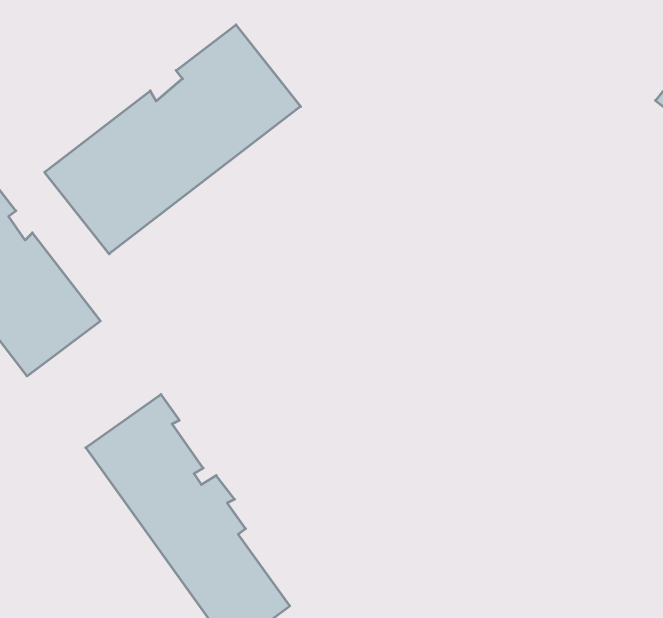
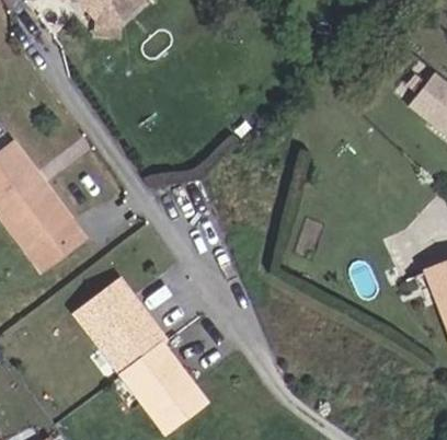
building: [45,25,301,254] -> none

